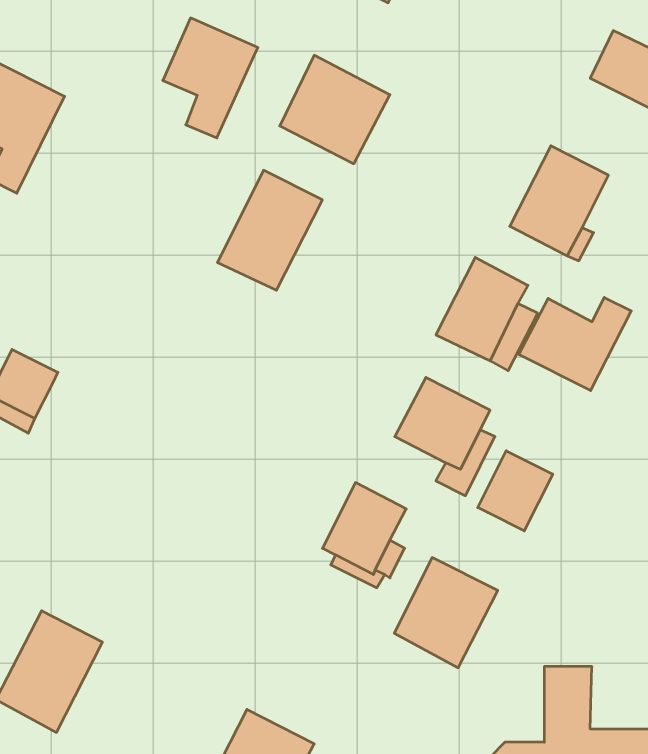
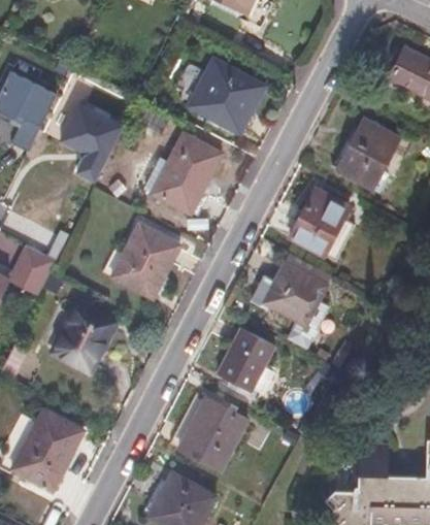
building: [163,18,258,138] -> [58,102,118,177]
building: [519,297,631,391] -> none
building: none -> [113,224,180,296]
building: none -> [56,306,113,369]
building: [478,451,553,531] -> none
building: [394,558,498,668] -> [180,398,245,467]

